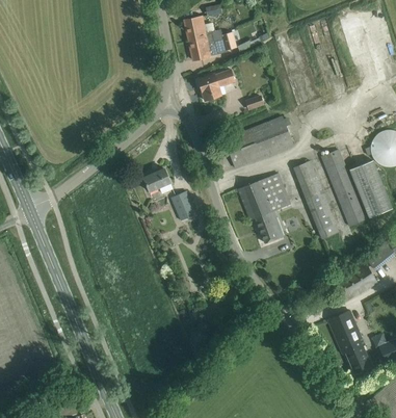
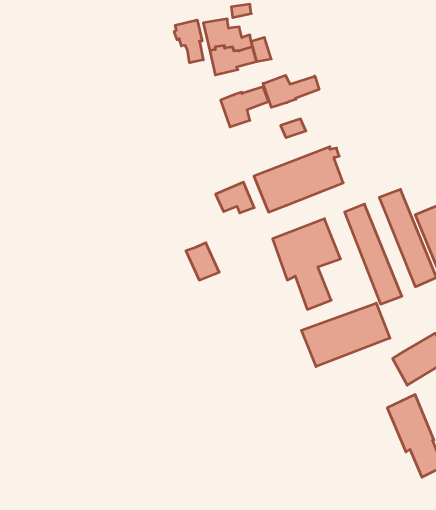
building: none -> [174,20,203,63]
building: none -> [263,75,319,107]
building: [141,168,171,192] -> [216,182,254,213]
building: none -> [301,303,390,367]

